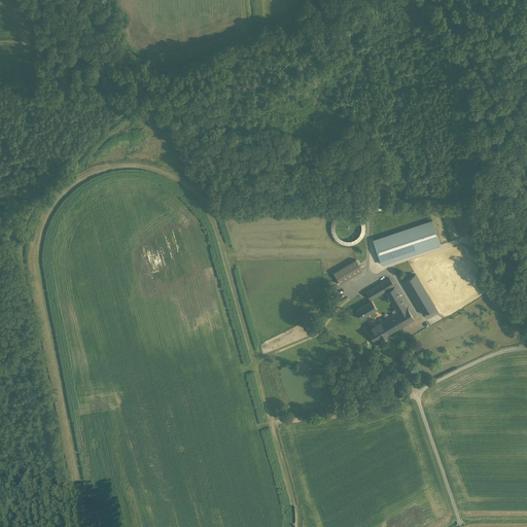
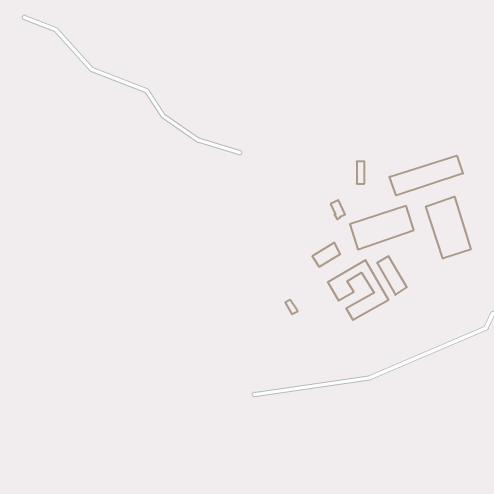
building: none -> [389,156,463,195]
building: none -> [426,197,471,259]

